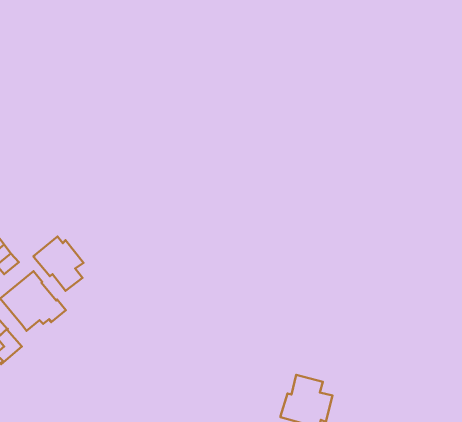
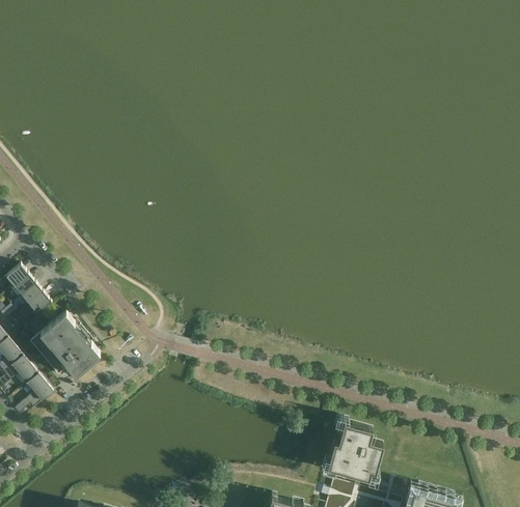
building: [33,237,83,291] -> none

